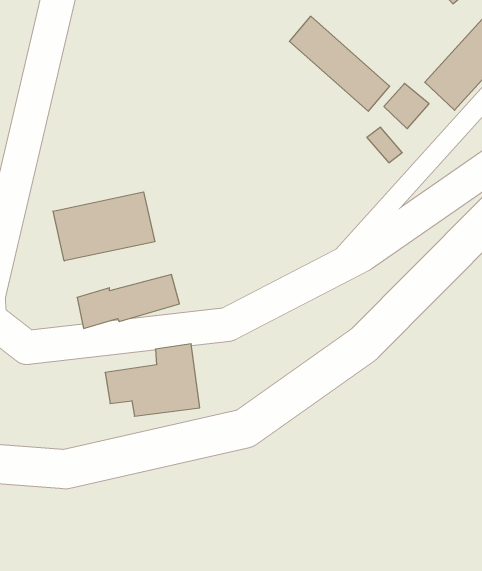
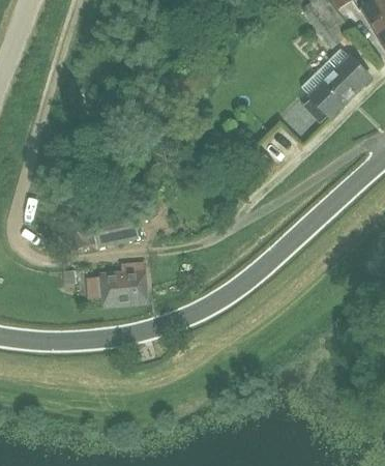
building: [289,16,390,111] -> none
building: [53,192,155,261] -> none

